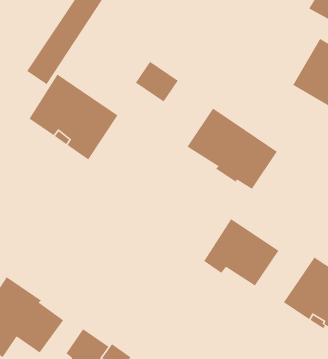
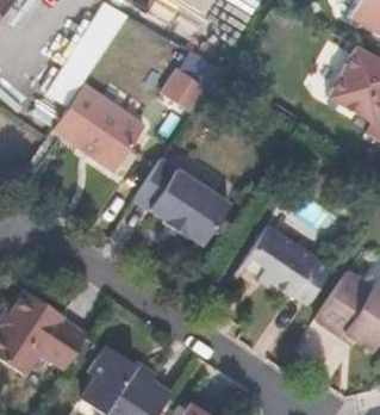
building: [186,108,278,190] -> [138,156,232,241]

